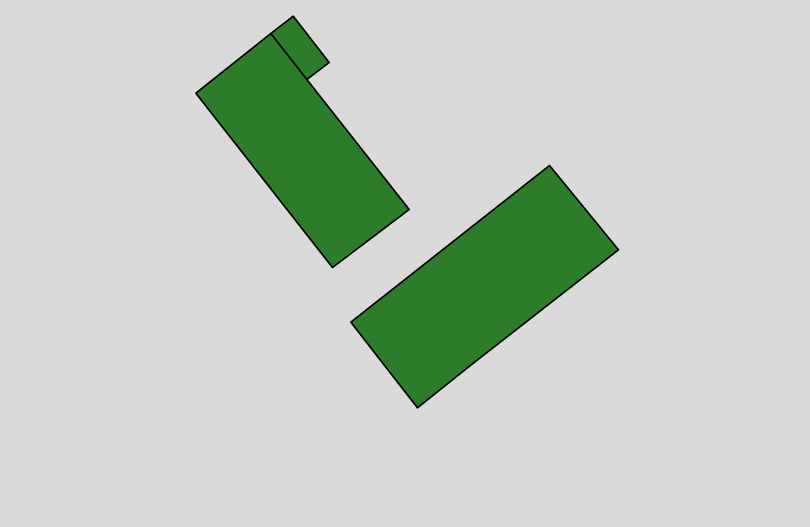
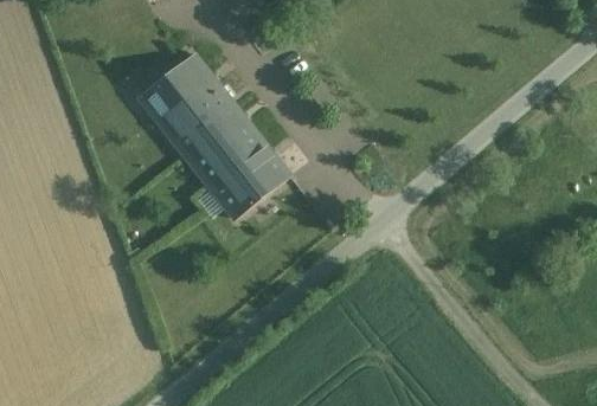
building: [351,166,618,408] -> none

